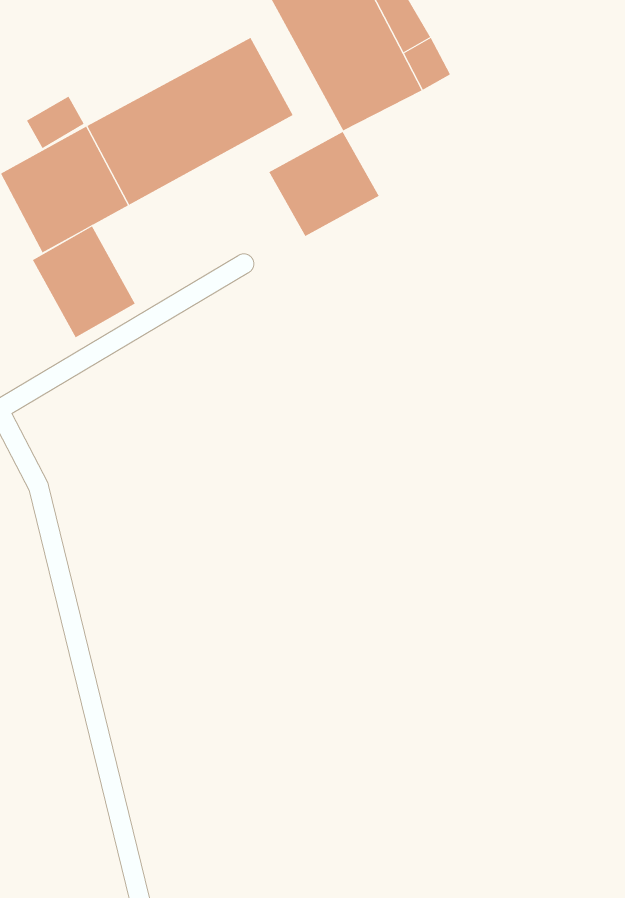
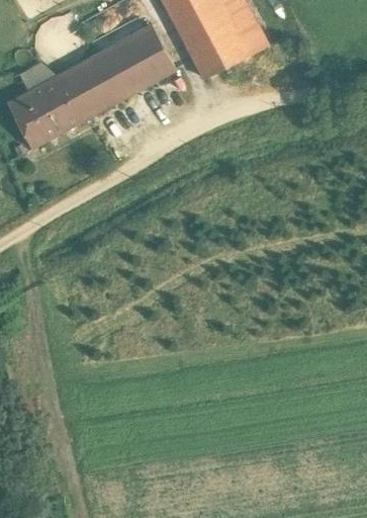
building: [268,131,380,237] -> none
building: [32,225,135,338] -> none

